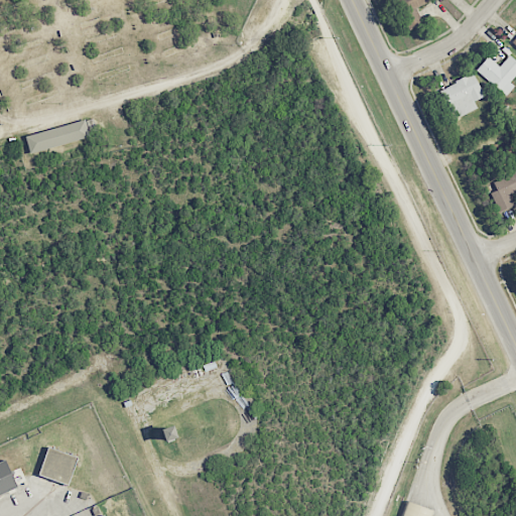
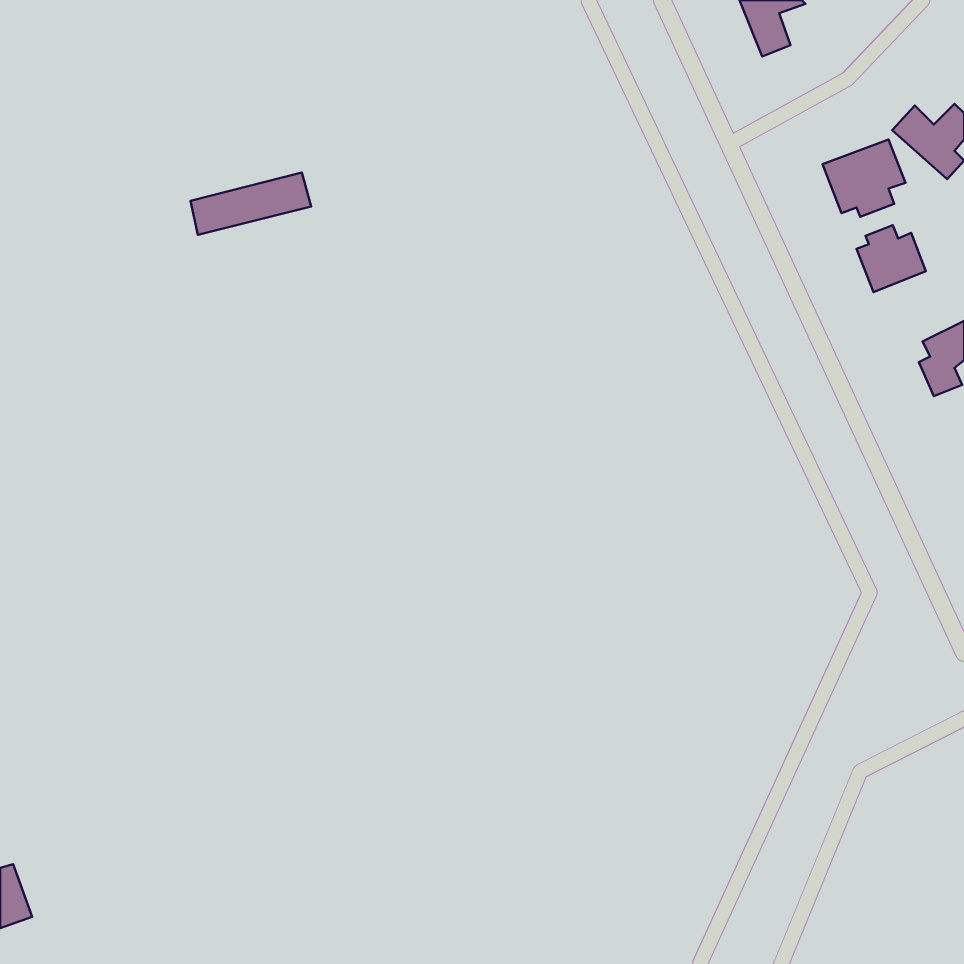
building: [25,120,90,153] -> [190,173,311,235]
building: none -> [857,225,926,292]
building: [39,448,77,484] -> none

